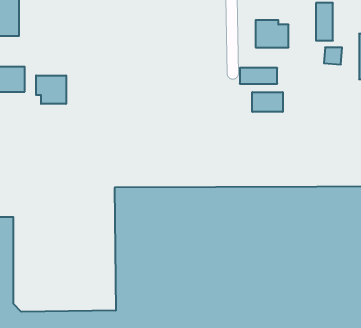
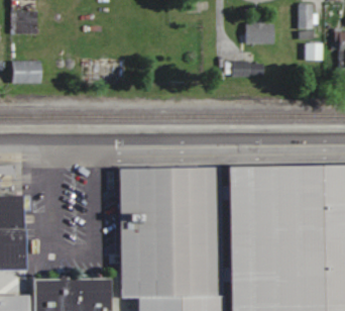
building: [36,75,66,104] -> none
building: [252,92,283,112] -> none

